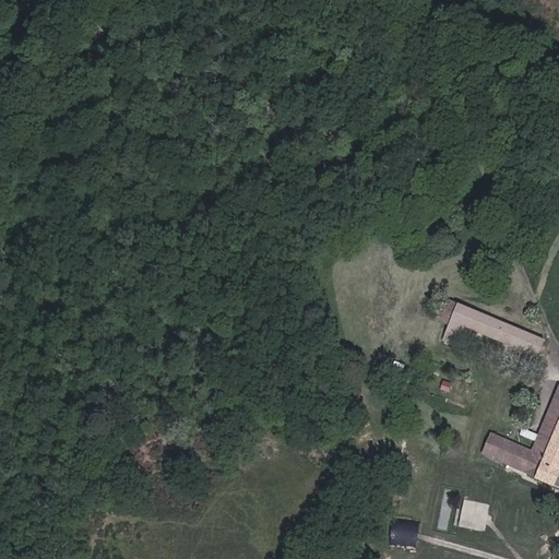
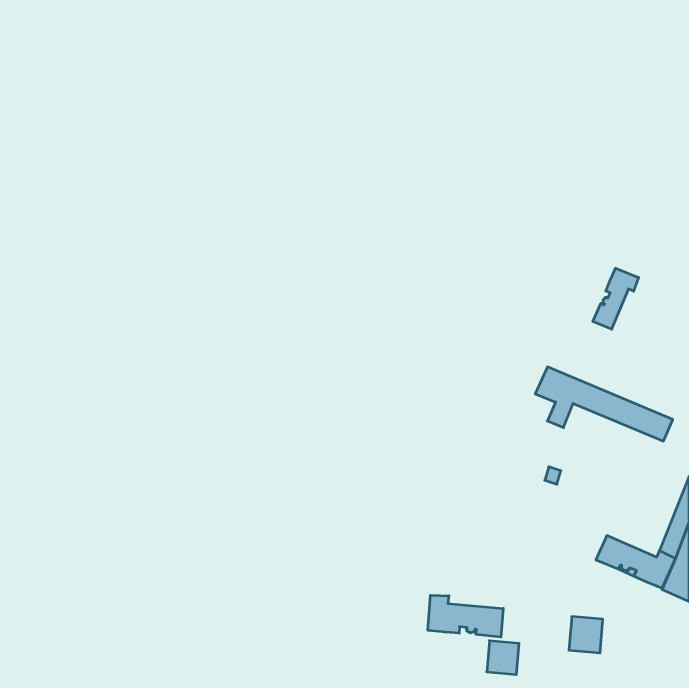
building: none -> [593,268,639,329]
building: none -> [428,595,503,637]

